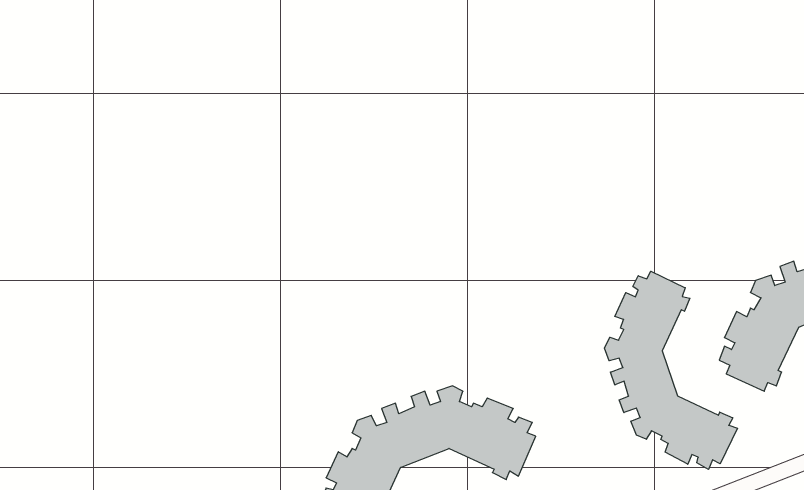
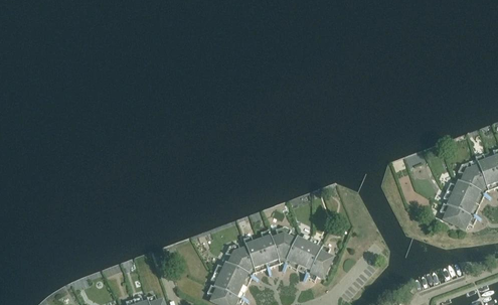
building: [604,271,737,469] -> none

